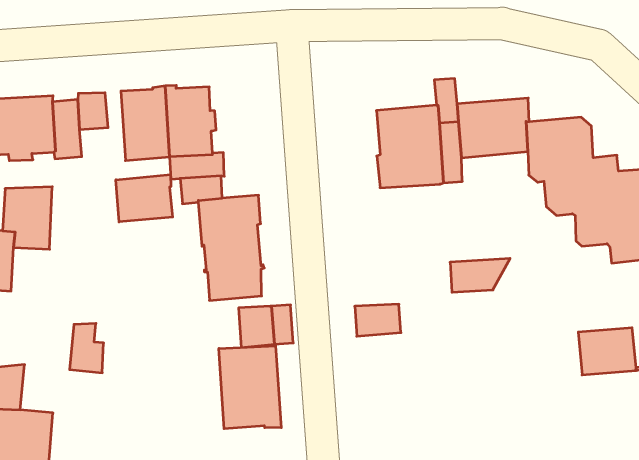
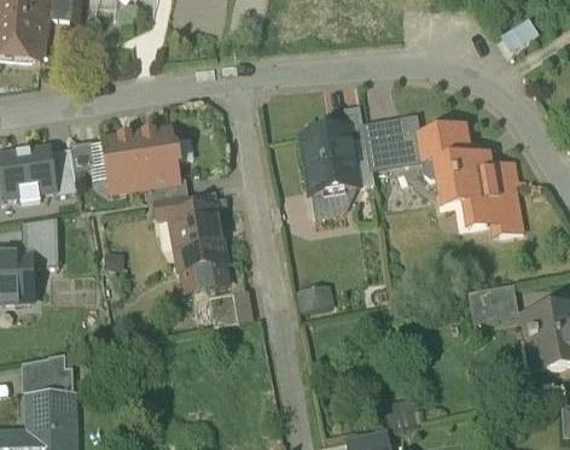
building: [116,174,173,222] -> none
building: [450,258,510,292] -> [309,187,355,217]
building: [70,323,104,373] -> [48,353,74,391]
building: [219,346,281,429] -> none

